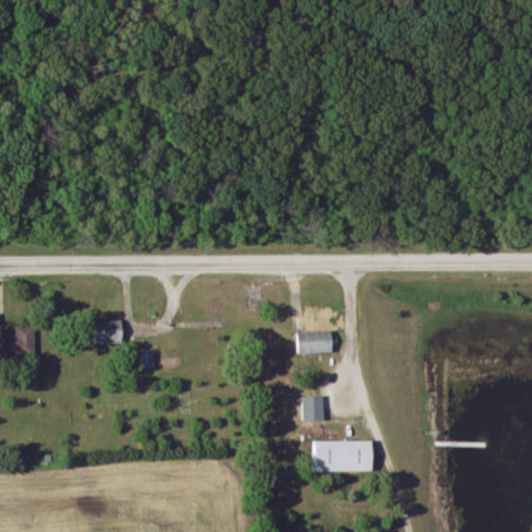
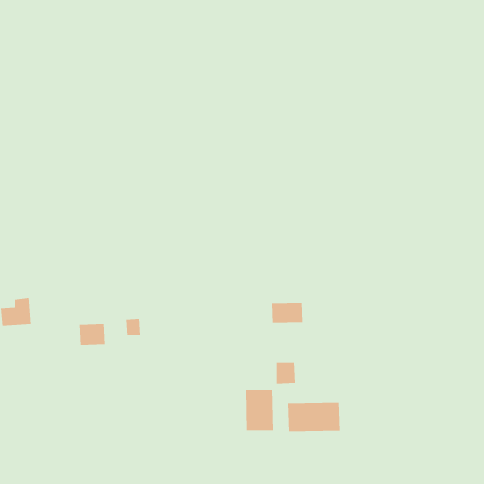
building: [95,319,124,343] -> [79,324,105,346]
building: none -> [246,389,273,431]

